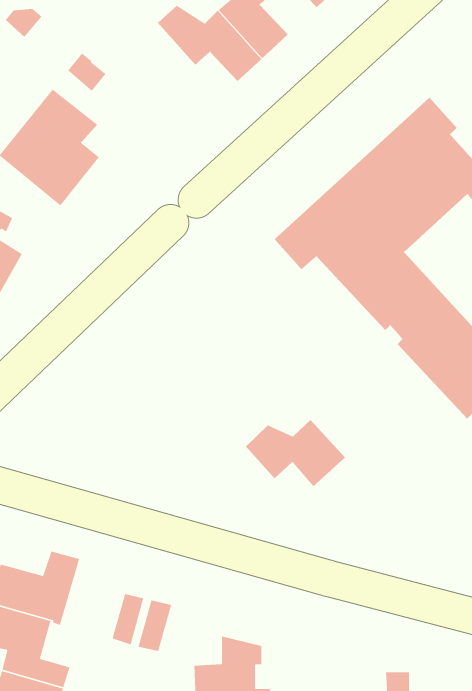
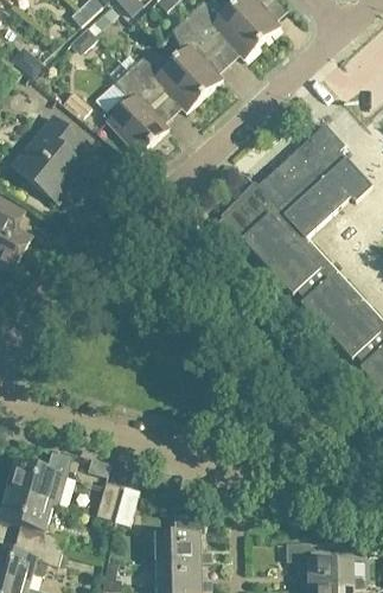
building: none -> [104,69,168,155]
building: [245,419,346,487] -> none

